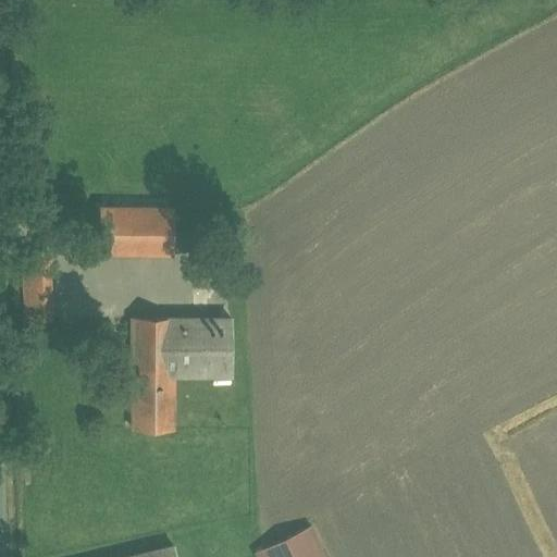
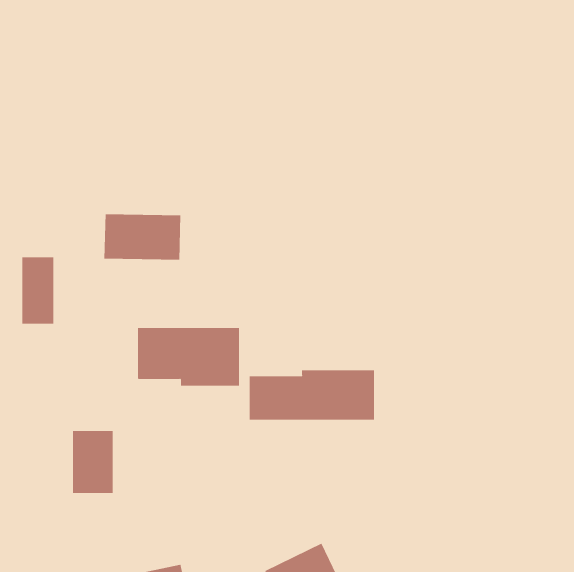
building: none -> [249,370,375,420]
building: [134,370,174,431] -> [72,431,114,494]

